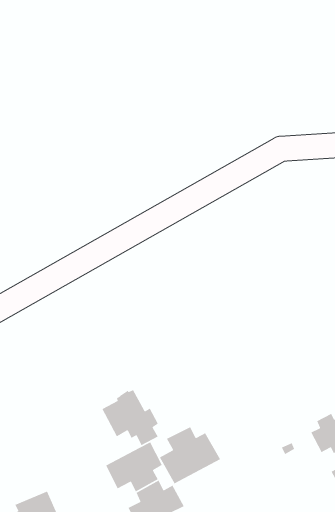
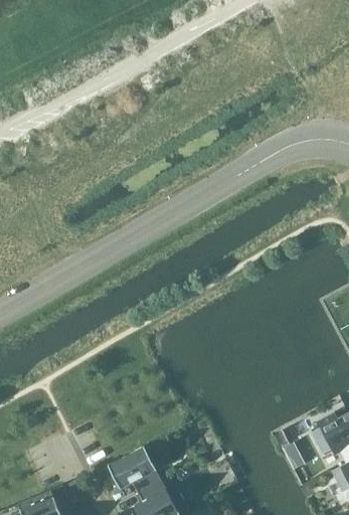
building: [101,389,159,446] -> none
building: [159,426,221,484] -> none

